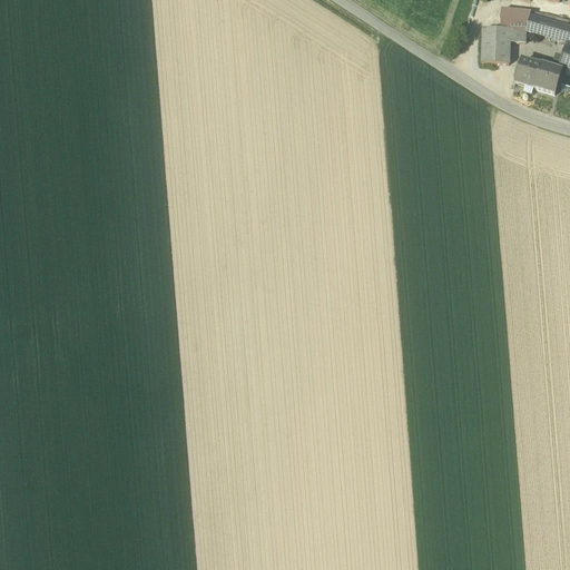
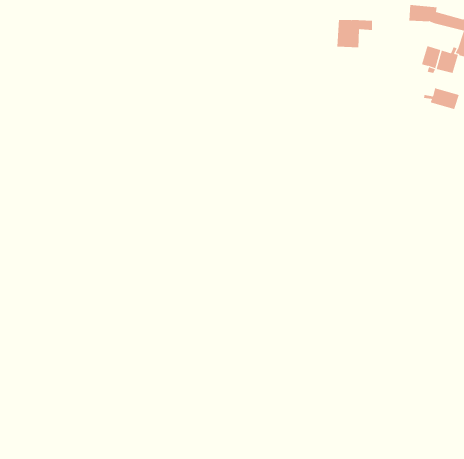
building: [482,26,527,60] -> [336,20,373,48]
building: none -> [423,88,459,110]

